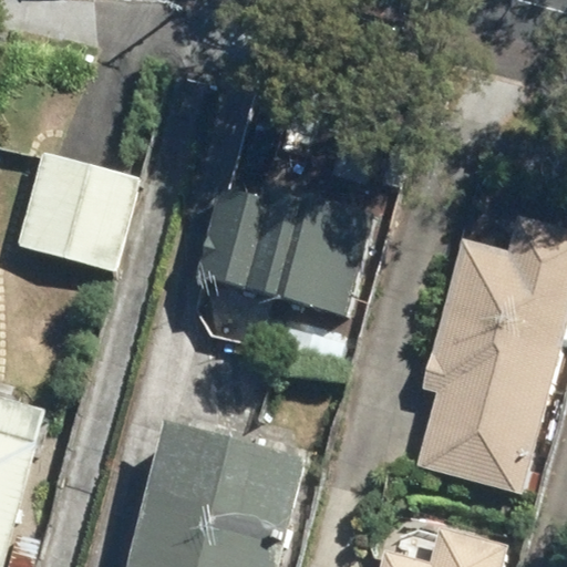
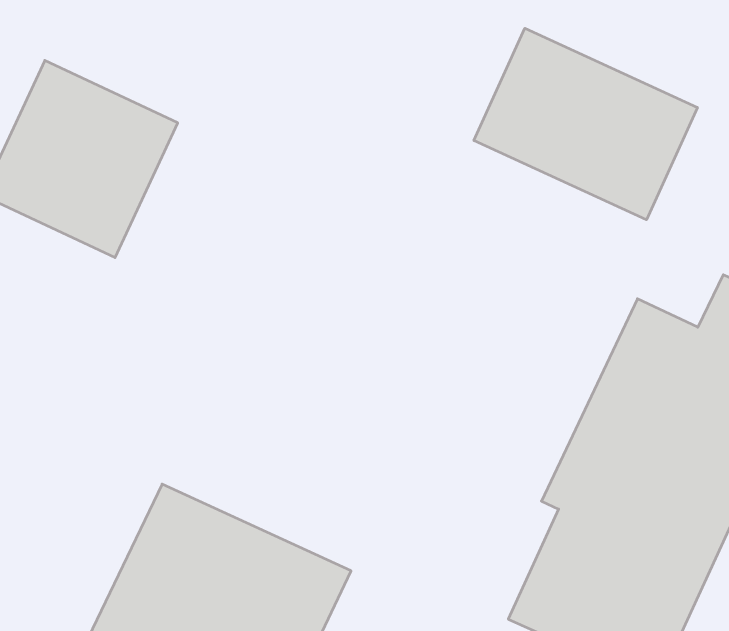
building: none -> [474,28,697,220]
building: [198,183,374,316] -> none

